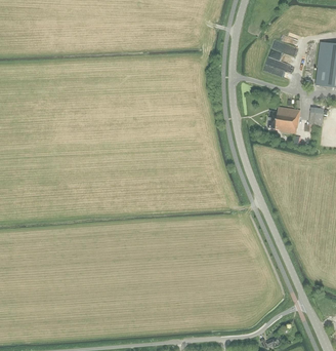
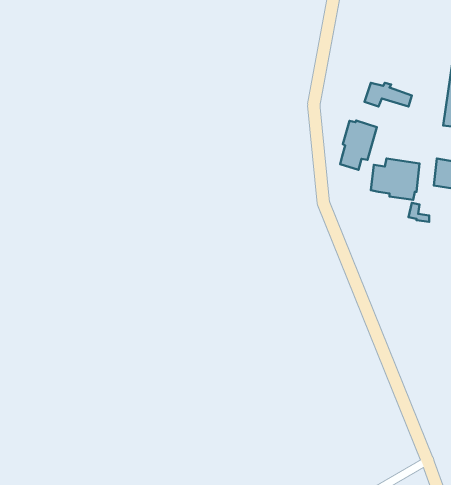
building: none -> [340,121,377,170]

